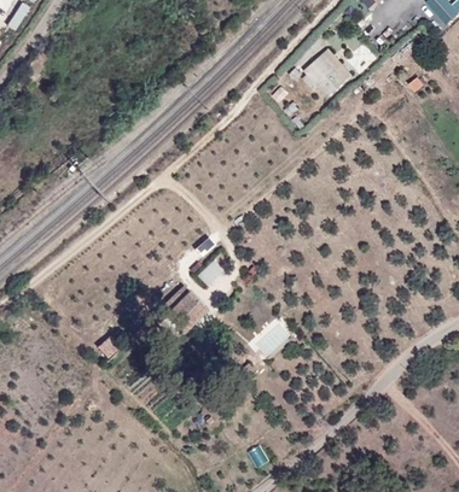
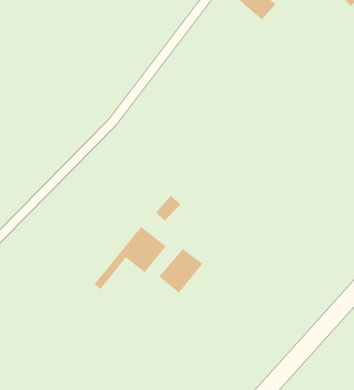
building: none -> [159,248,203,294]

